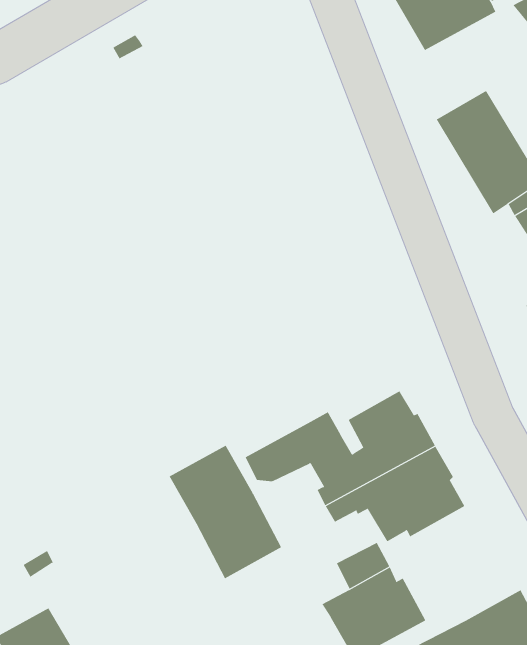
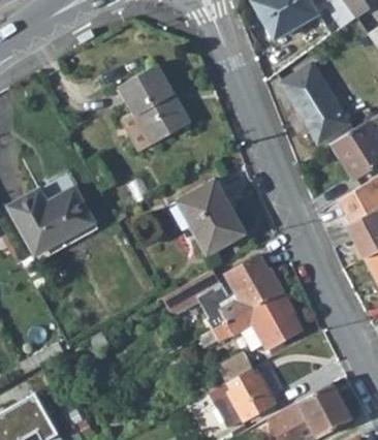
building: none -> [123,64,193,144]
building: none -> [178,179,246,253]
building: none -> [10,189,97,257]
building: [169,445,282,579] -> none

